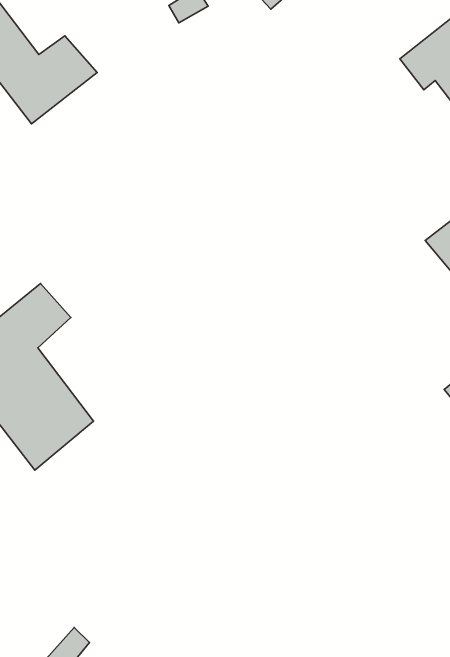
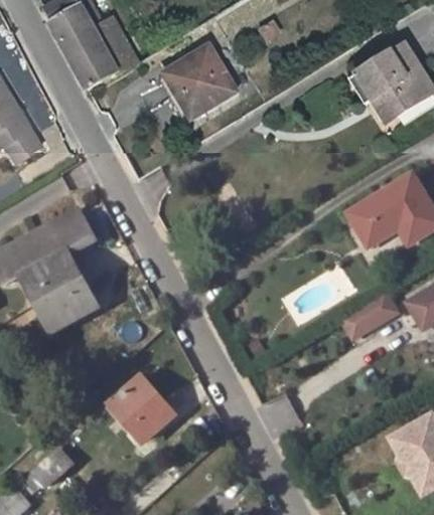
building: none -> [162,49,237,117]
building: none -> [107,367,168,434]

